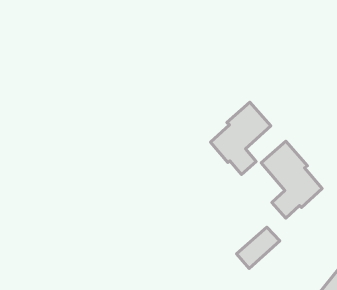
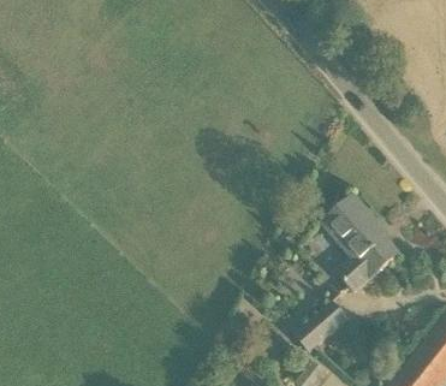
building: [210,102,271,175] -> none

